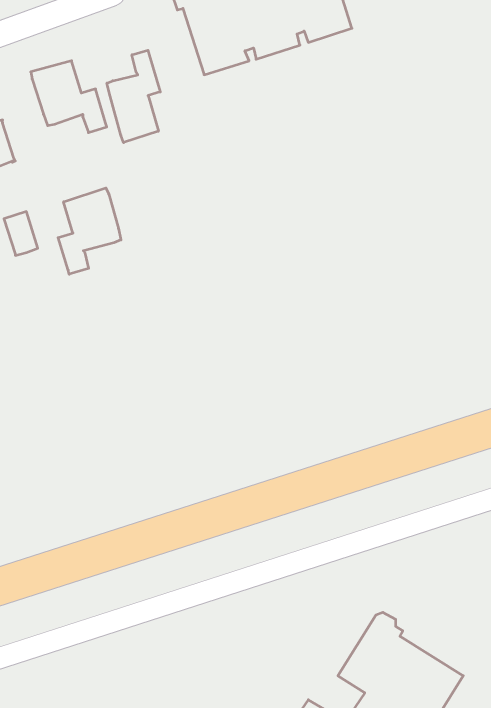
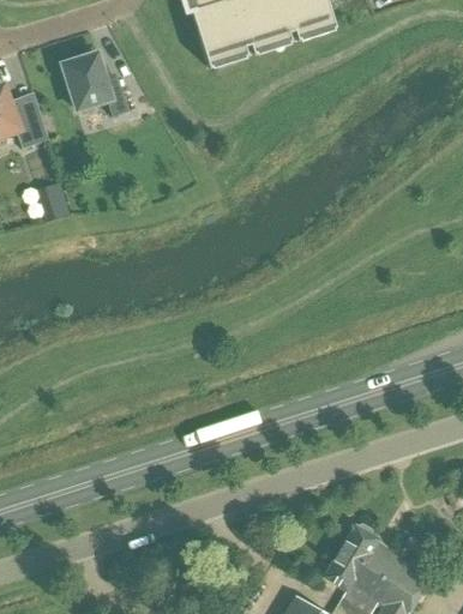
building: [107,50,160,143] -> none
building: [58,188,121,274] -> none

